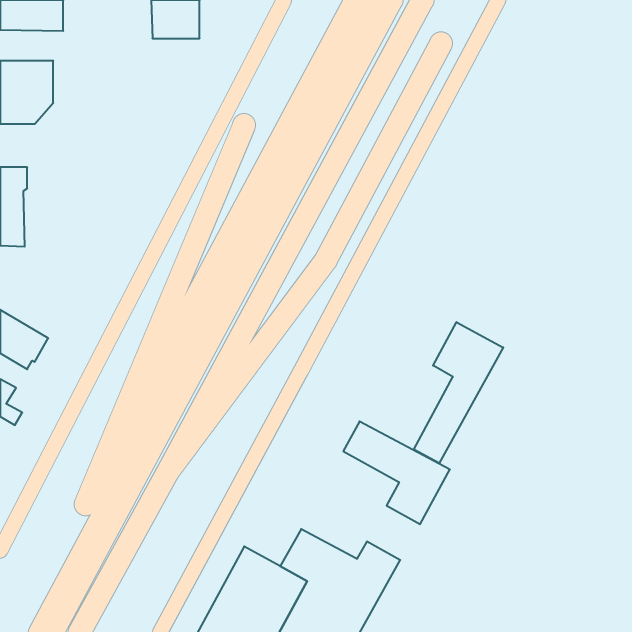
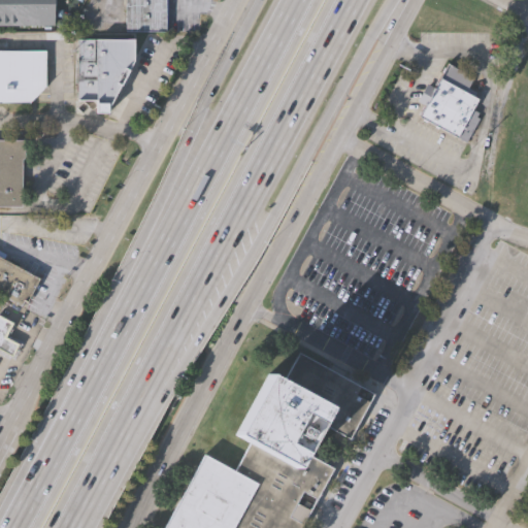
building: none -> [76,40,132,113]
building: none -> [421,63,482,141]
building: [414,322,503,463] -> none
building: none -> [237,368,333,466]

